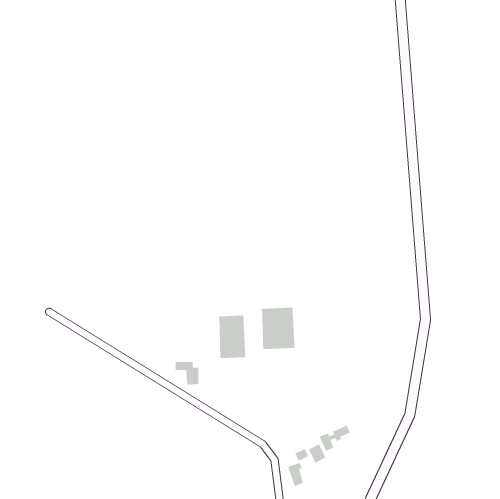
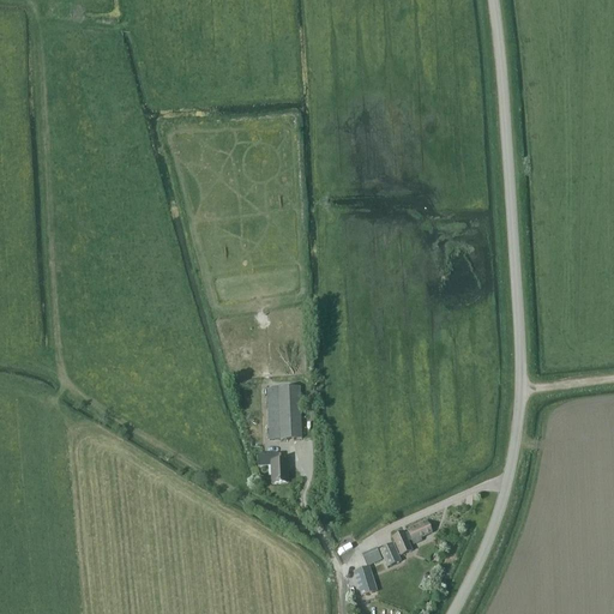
building: [261,307,296,350] -> none
building: [175,361,199,386] -> [255,453,285,483]

